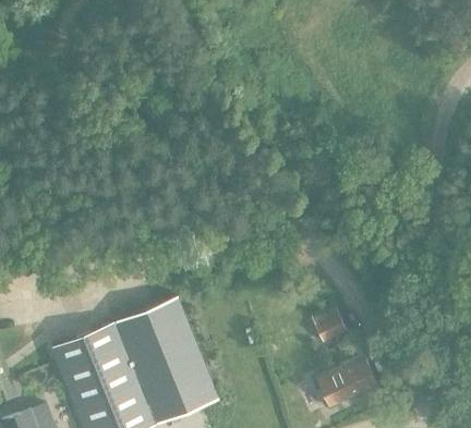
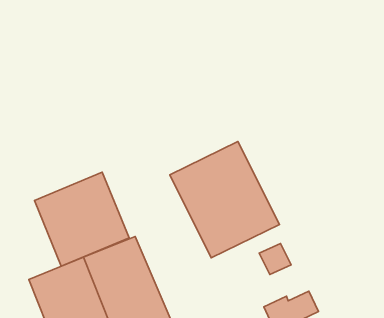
building: none -> [170,141,279,258]
building: none -> [34,172,129,266]

